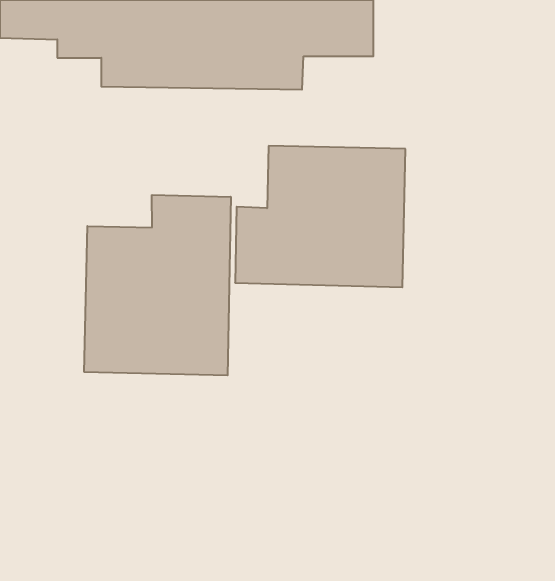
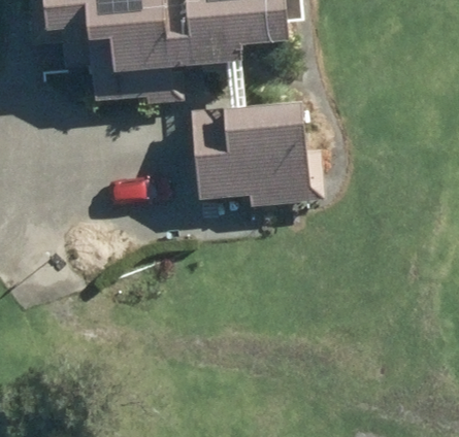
building: [84,195,231,375] -> none

